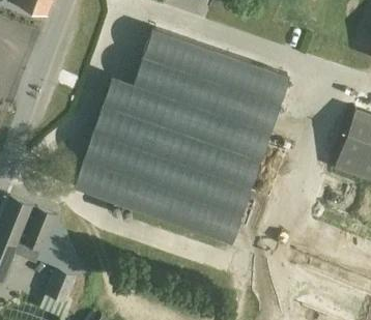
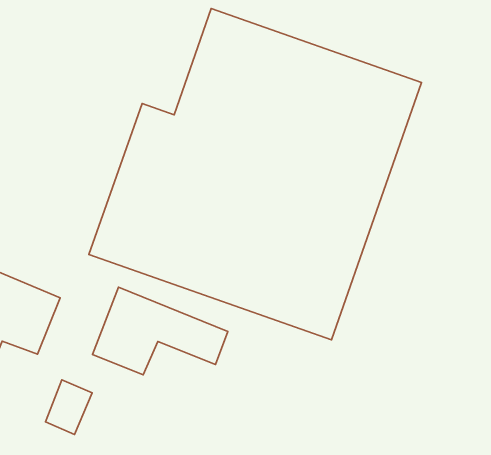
building: none -> [93,287,228,375]

